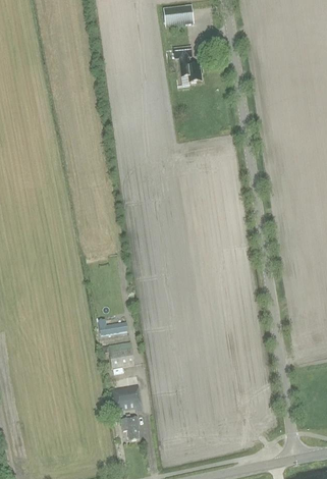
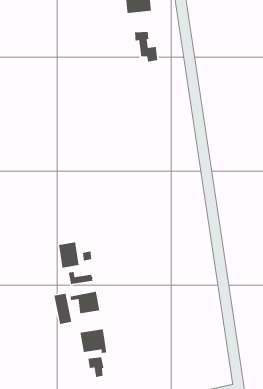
building: none -> [58,242,80,268]
building: none -> [53,293,72,325]

